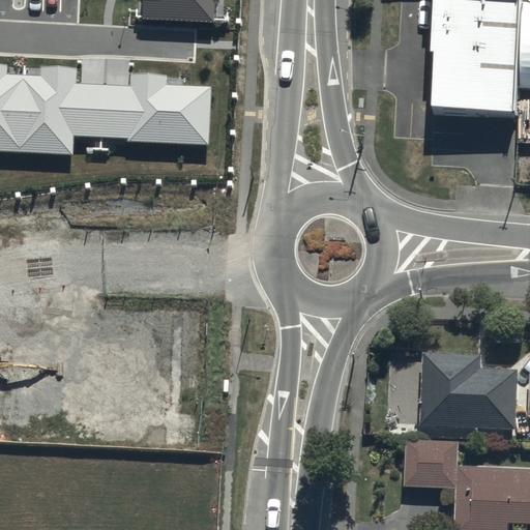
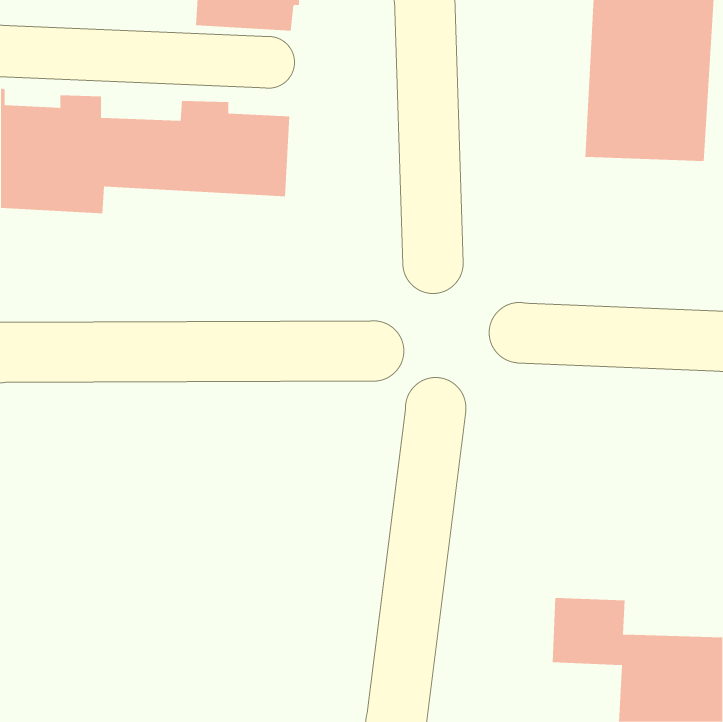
building: [418,350,517,424] -> none

